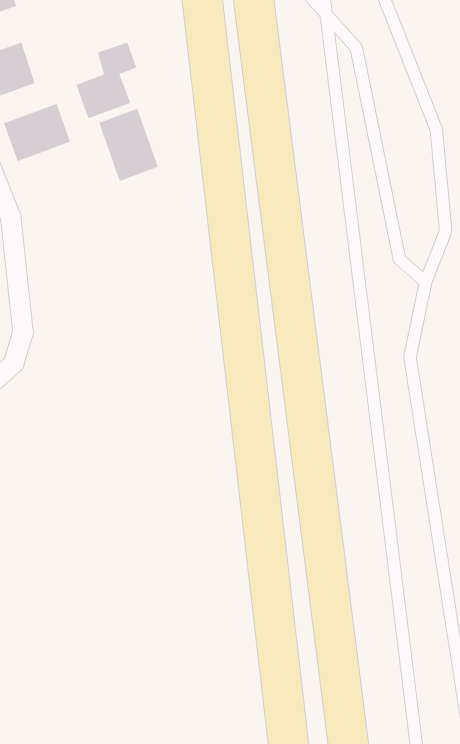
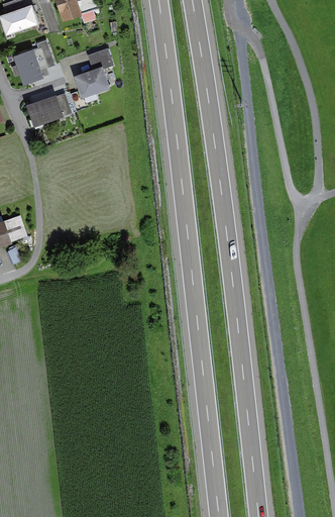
building: [98,108,159,182] -> none

